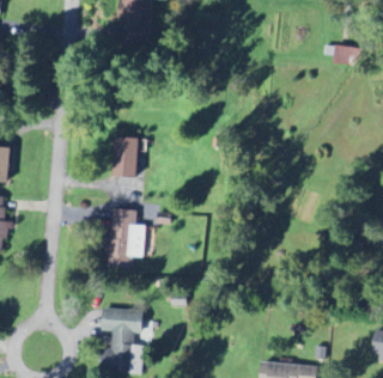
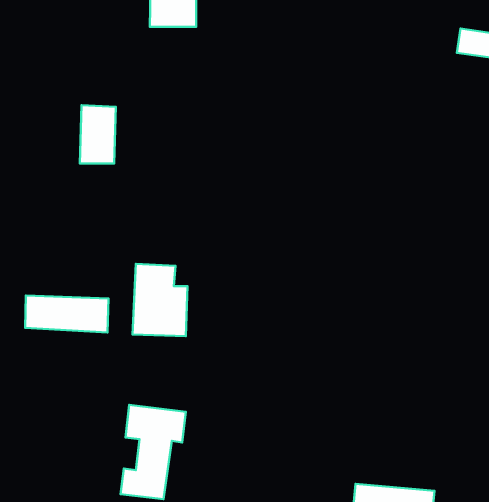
building: [114,135,139,176] -> [80,105,116,163]
building: none -> [25,296,108,332]

